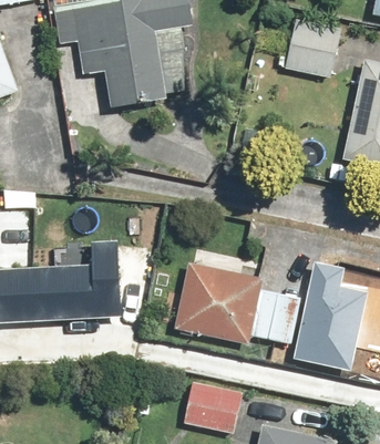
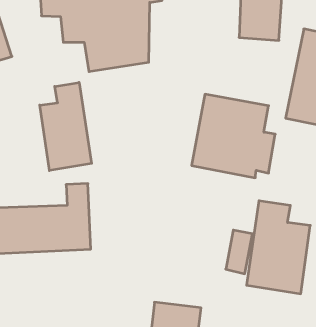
building: none -> [40,82,92,171]
building: [178,248,276,345] -> [192,94,275,178]

